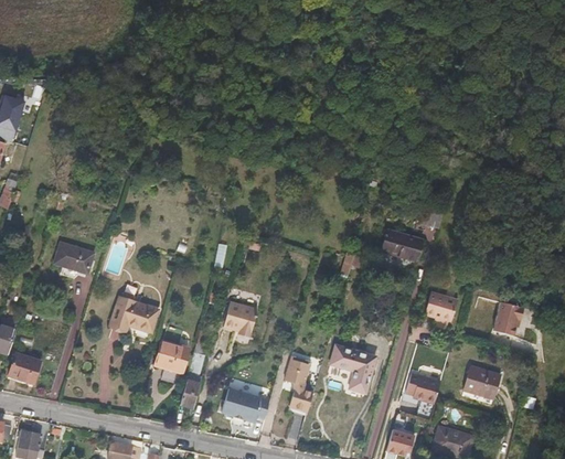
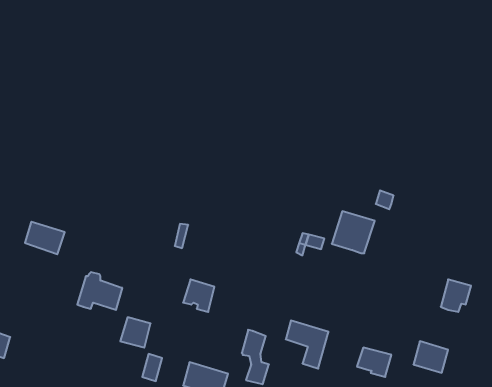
building: [425,290,458,324] -> none

